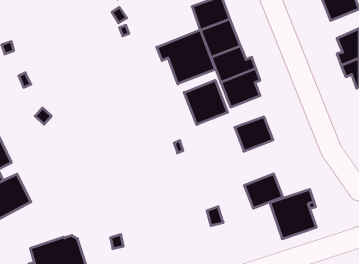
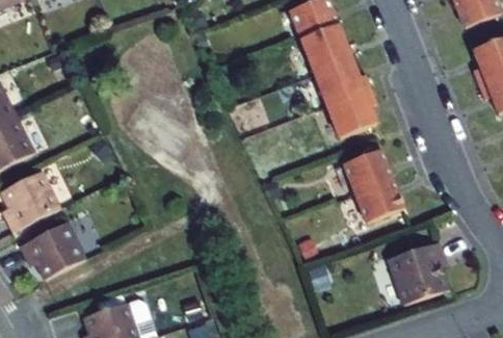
building: [157,30,215,84] -> none
building: [184,80,228,125] -> none
building: [244,174,283,208] -> [355,179,404,223]

